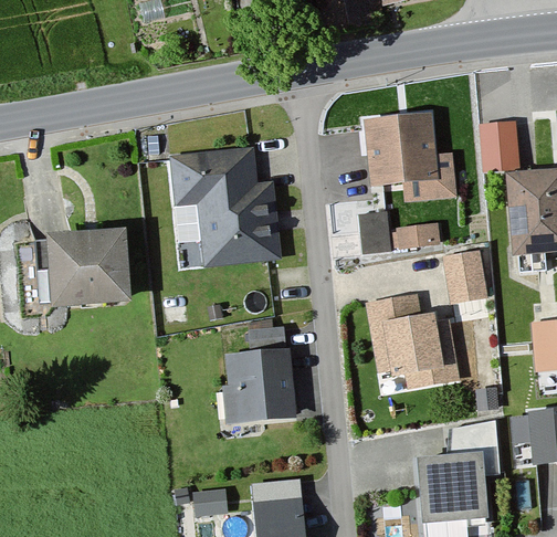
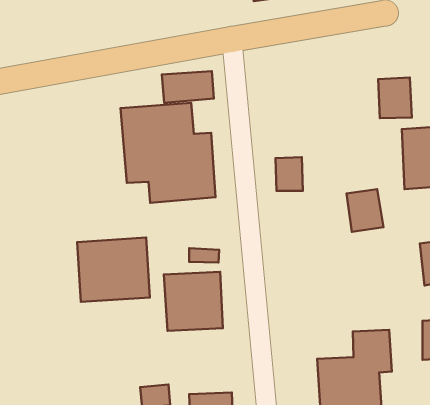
building: none -> [162,71,214,103]
building: [364,110,458,199] -> none
building: [398,214,443,246] -> none
building: [39,230,127,308] -> [77,238,150,302]
building: [368,296,459,385] -> none

